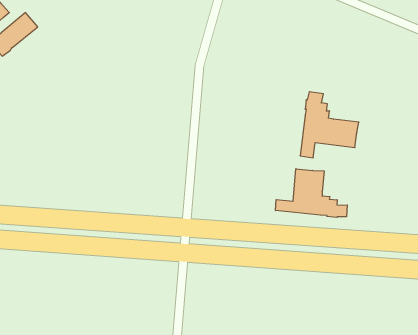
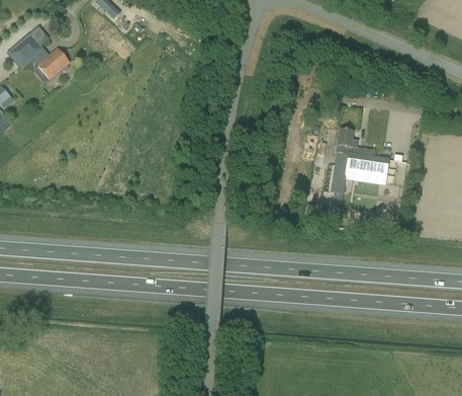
building: [276,169,347,217] -> none

